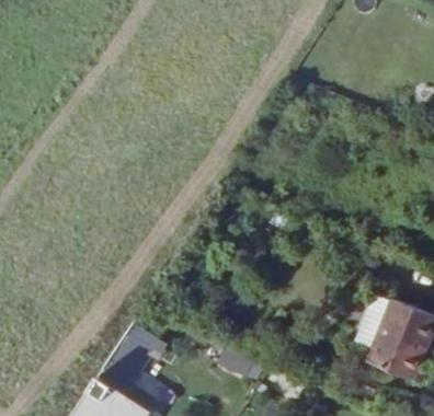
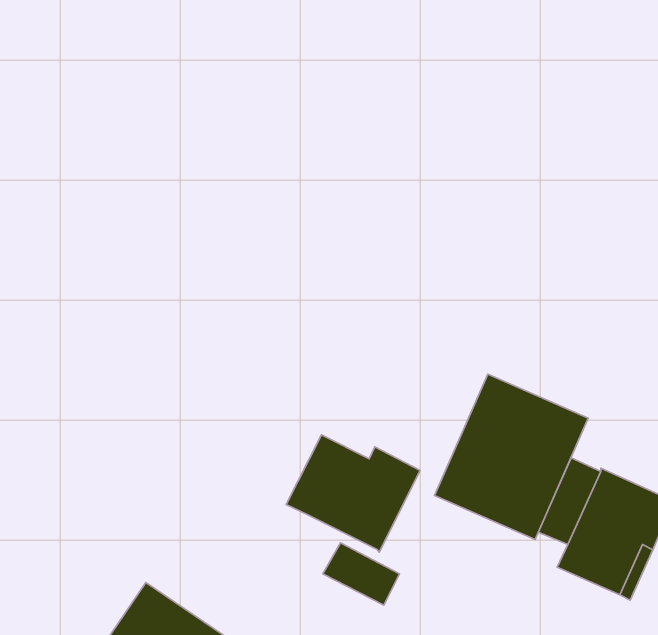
building: none -> [435,374,588,540]
building: none -> [286,435,420,552]

